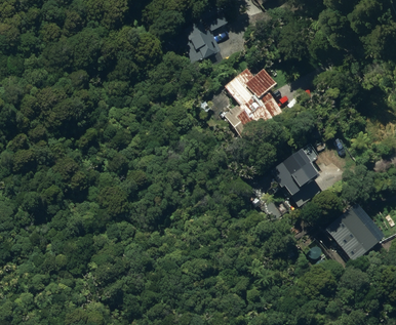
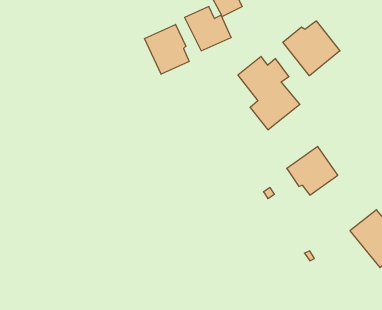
building: none -> [283,21,340,76]
building: none -> [144,24,189,74]

